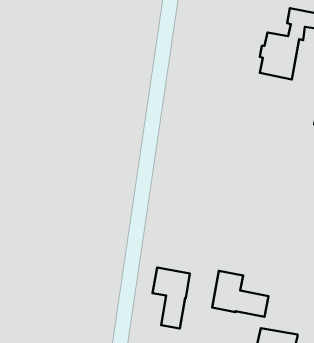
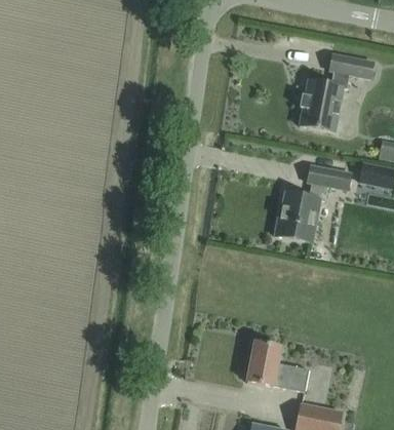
building: none -> [275,165,351,241]
building: [153,267,190,328] -> none

